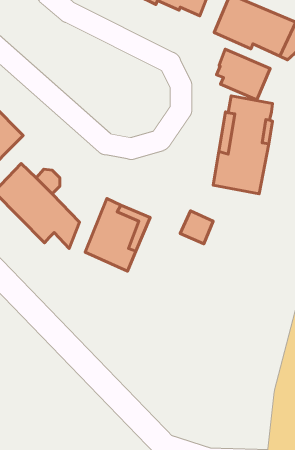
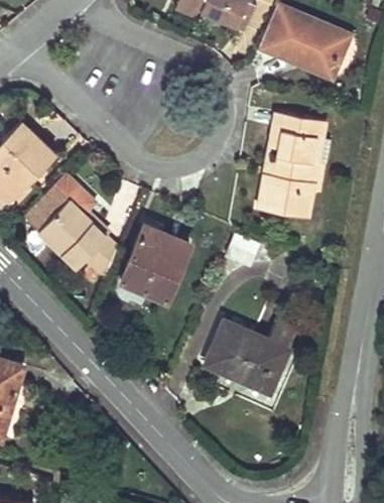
building: [217,49,270,100] -> none
building: none -> [207,322,296,394]

